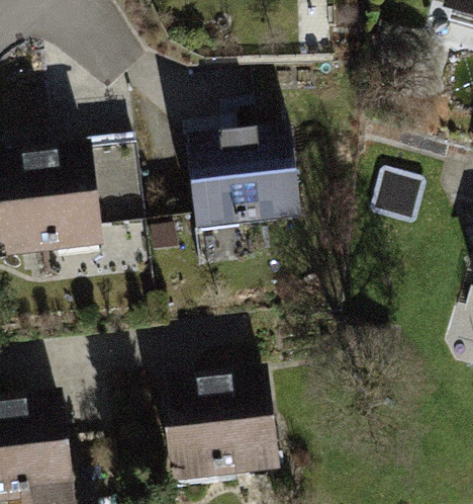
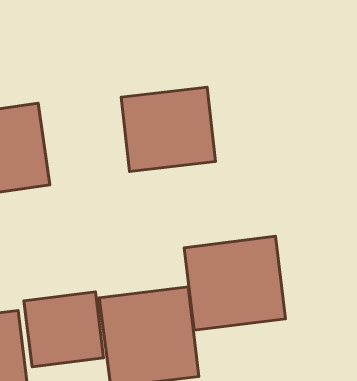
building: none -> [184,236,286,330]
building: none -> [24,292,103,367]

